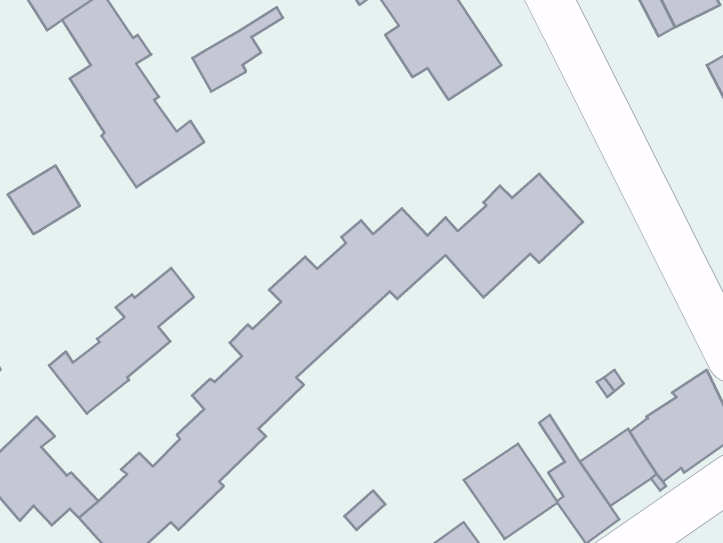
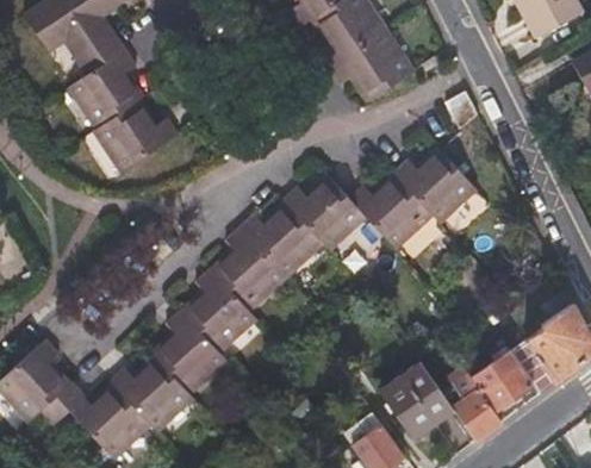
building: [192,7,283,92] -> none
building: [8,166,80,234] -> none
building: [49,268,194,414] -> none

